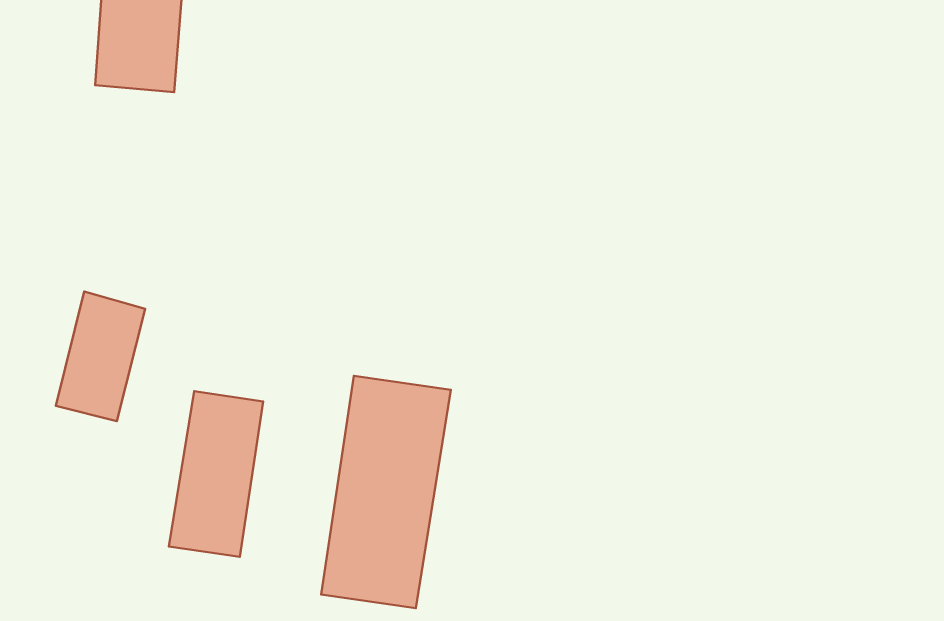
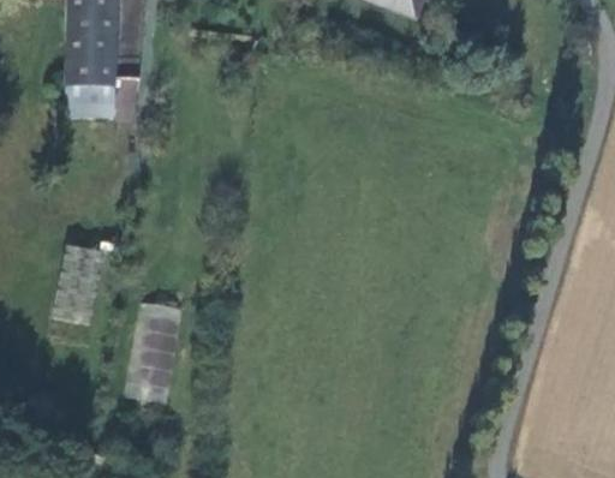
building: [321,376,451,608] -> none

